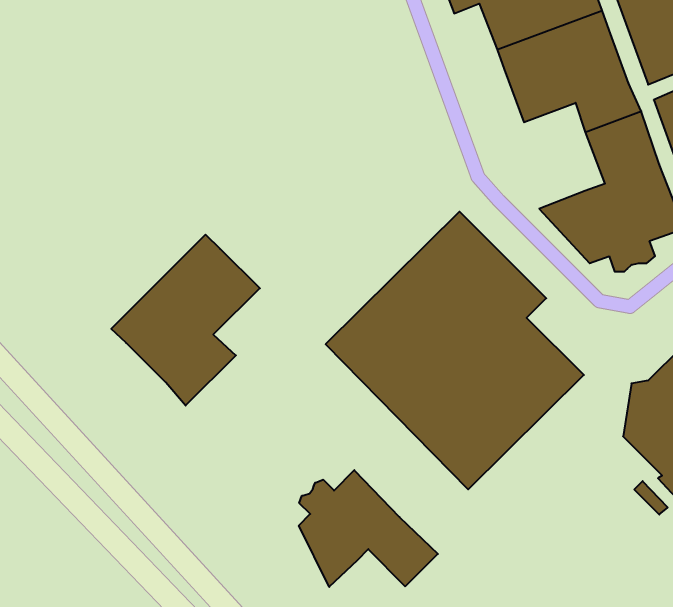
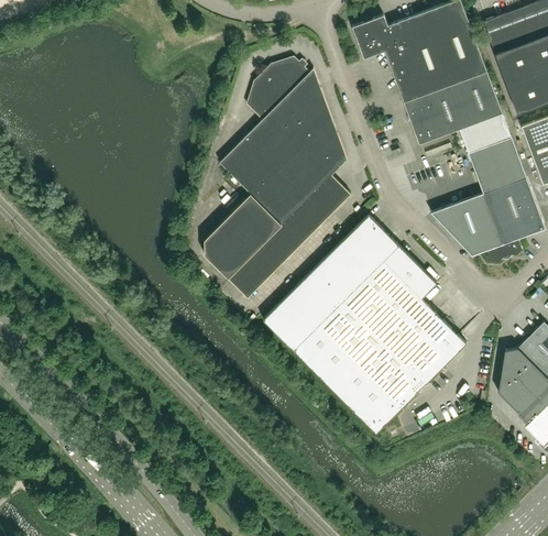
building: none -> [204,56,351,297]
building: [111,235,260,406] -> none
building: [299,470,438,587] -> none

